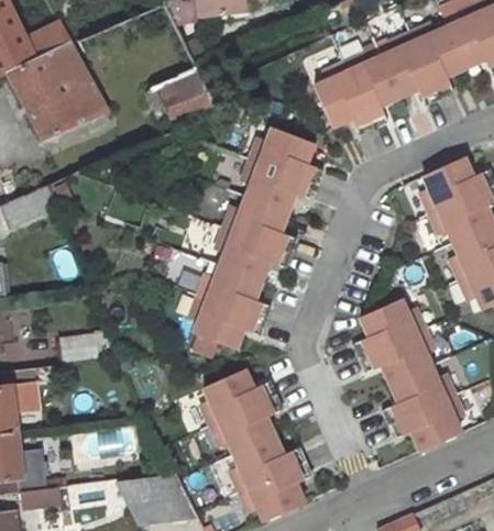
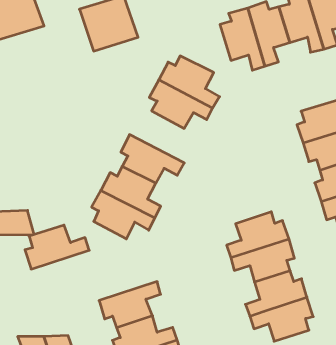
building: [222,196,296,253] -> none
building: [198,369,274,425] -> [25,225,89,269]

